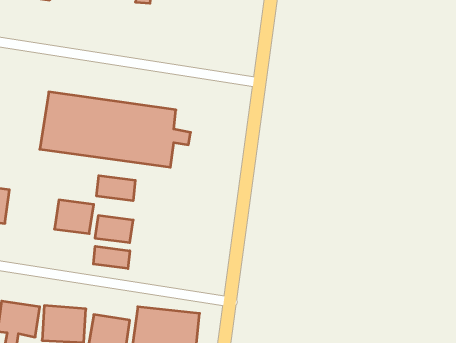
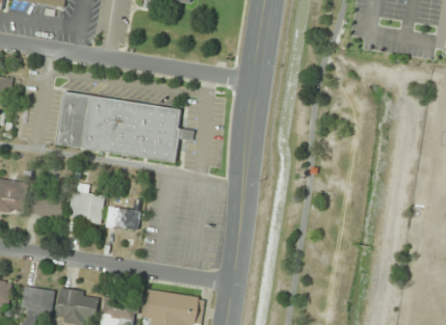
building: [97,176,135,201] -> none
building: none -> [29,194,62,217]
building: [93,246,130,269] -> none

